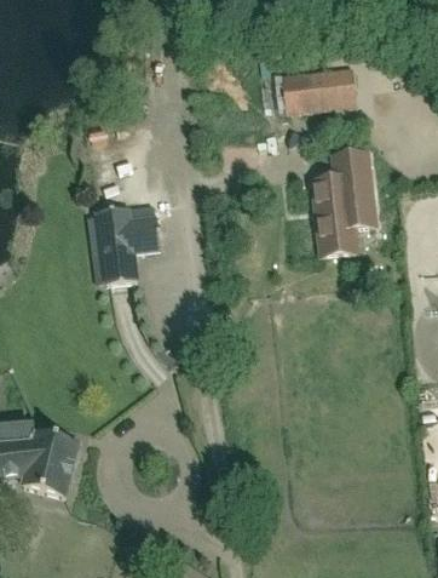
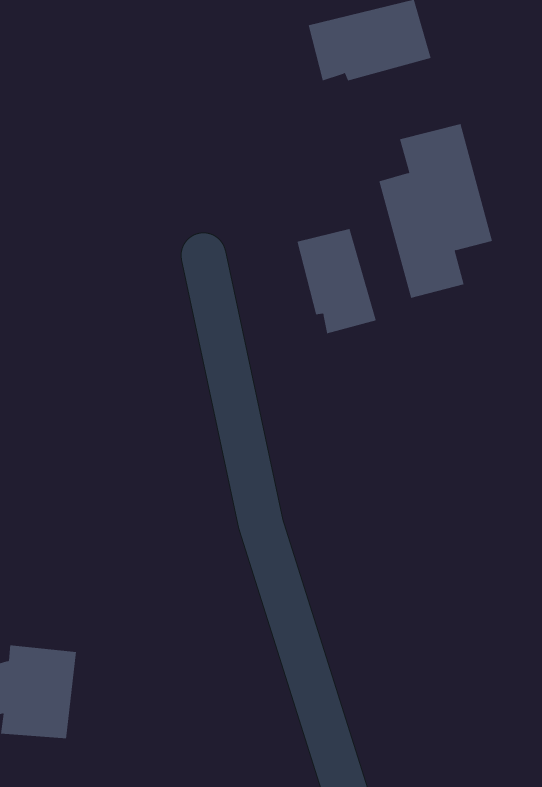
building: none -> [297,228,376,334]
building: [97,207,160,284] -> none

